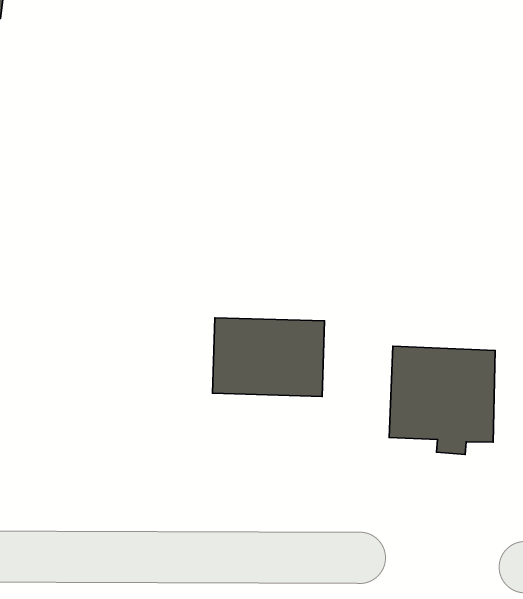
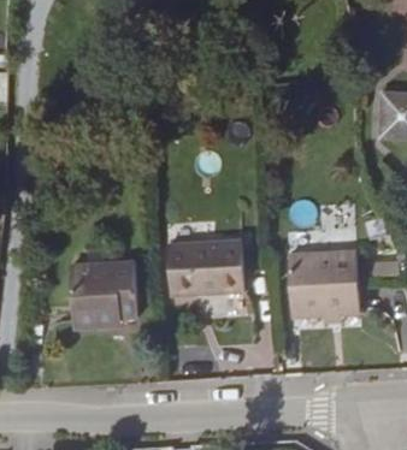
building: none -> [71,261,140,327]

